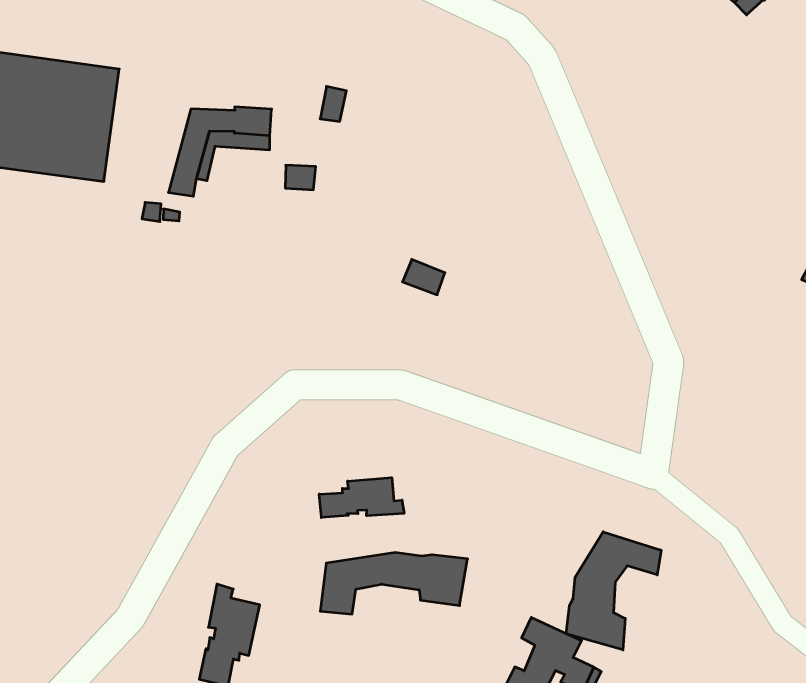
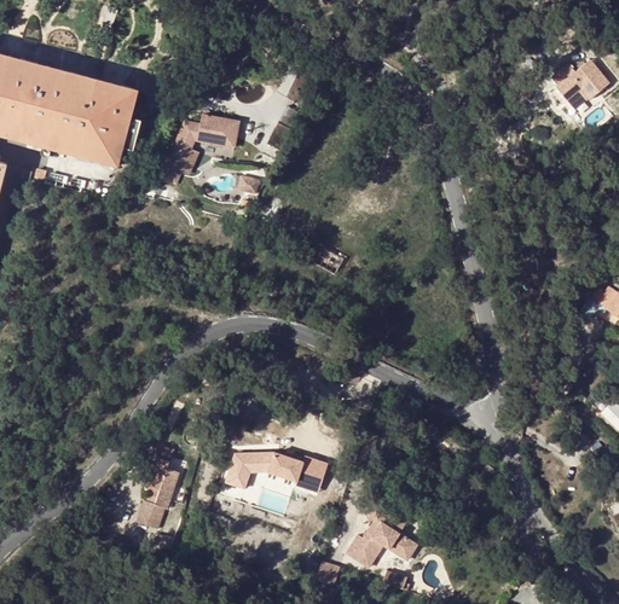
building: [319,478,404,518] -> none
building: [566,532,661,650] -> none

